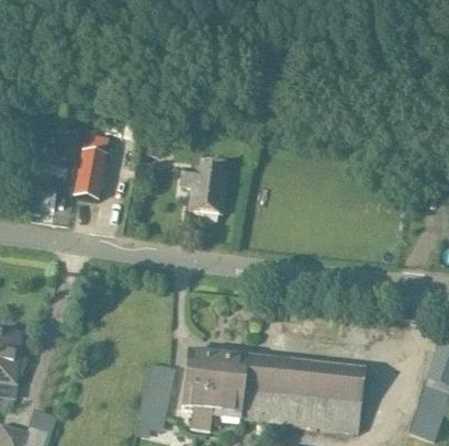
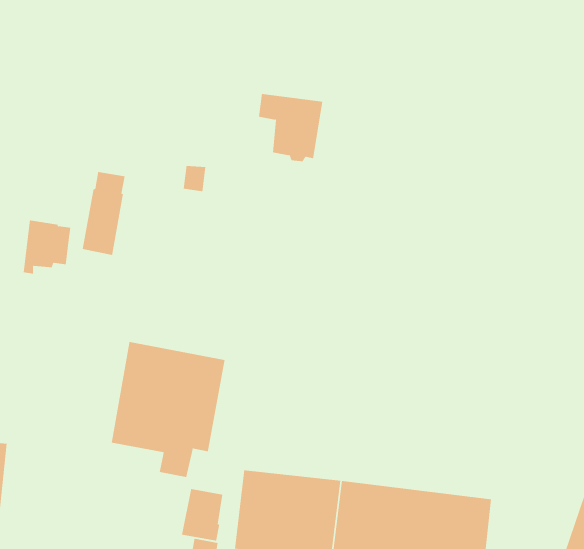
building: [181,167,227,215] -> [258,94,323,162]
building: none -> [111,341,225,478]

